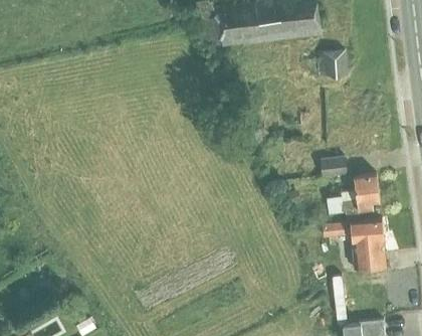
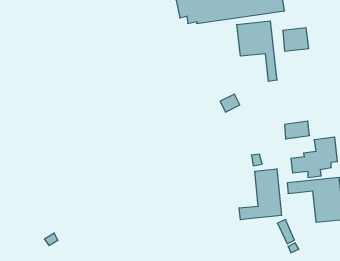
building: none -> [237,21,277,81]
building: none -> [239,169,282,220]

